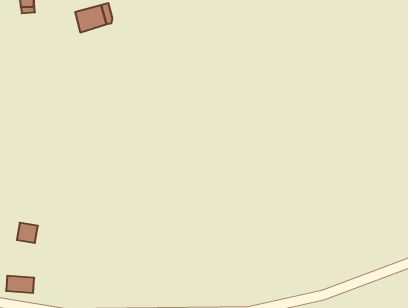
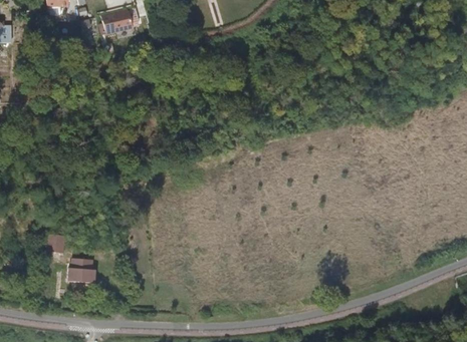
building: [6,276,34,293] -> [66,266,94,283]

